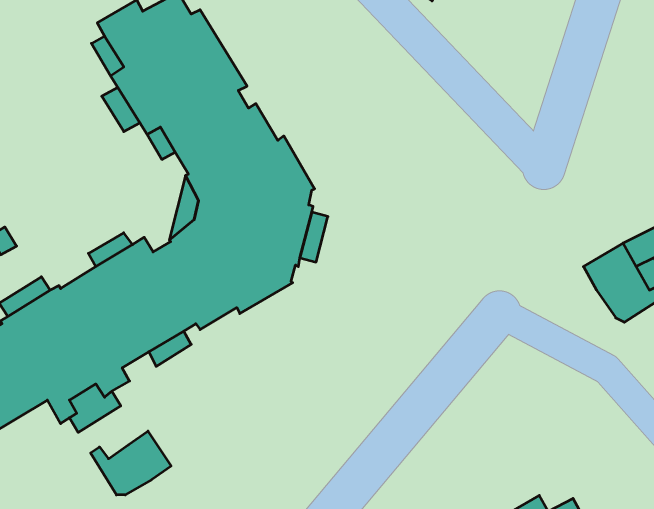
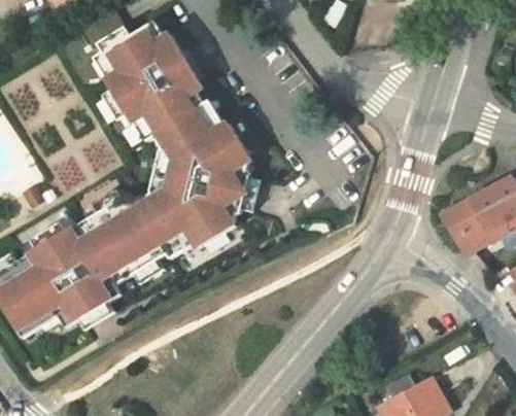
building: [91,431,171,495] -> none

